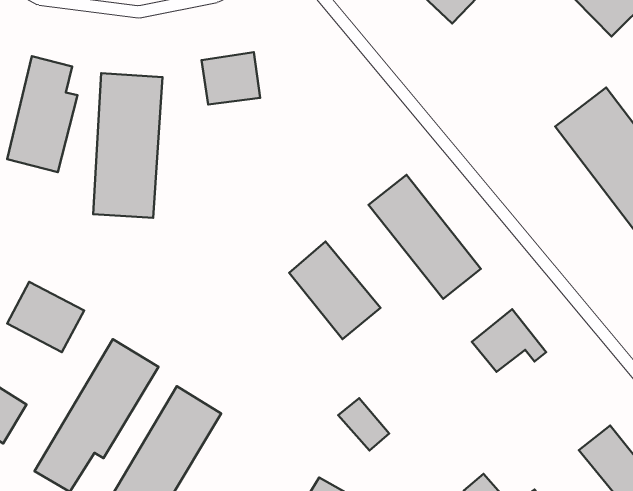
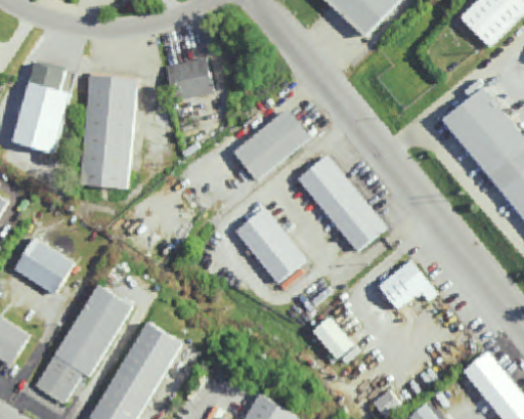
building: none -> [234,109,311,180]
building: [338,398,389,451] -> [313,318,353,359]

